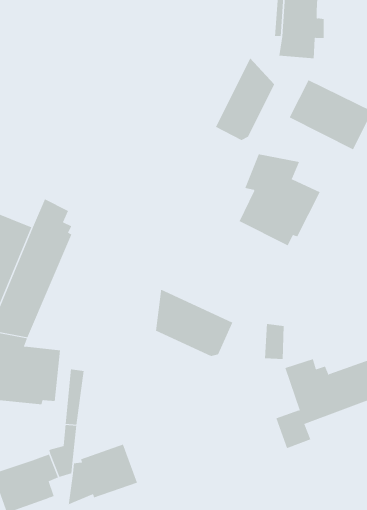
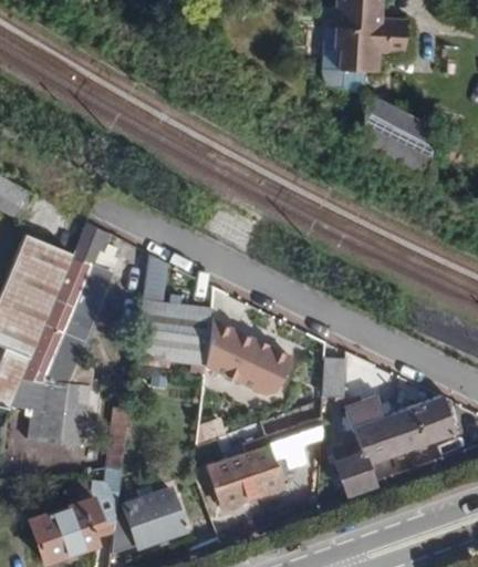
building: [215,58,275,141] -> none
building: [239,153,321,246] -> none
building: none -> [136,255,212,365]
building: none -> [208,416,322,507]

